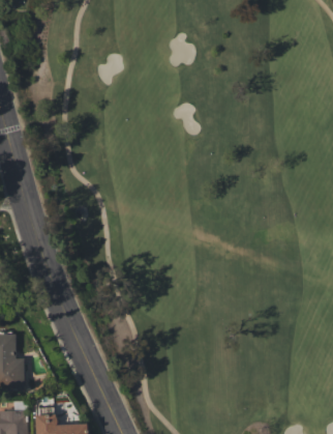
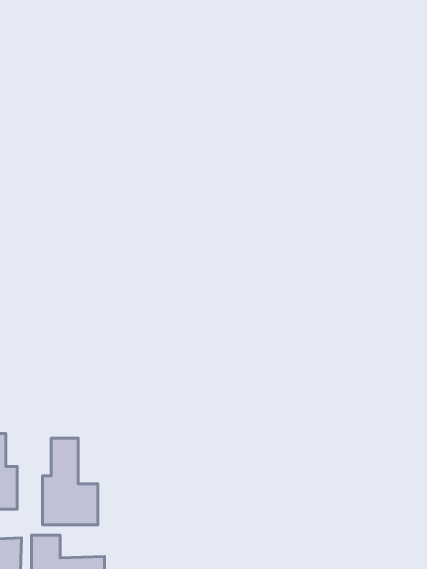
building: none -> [43,438,98,525]

